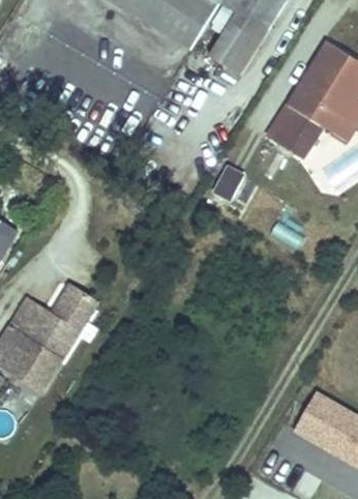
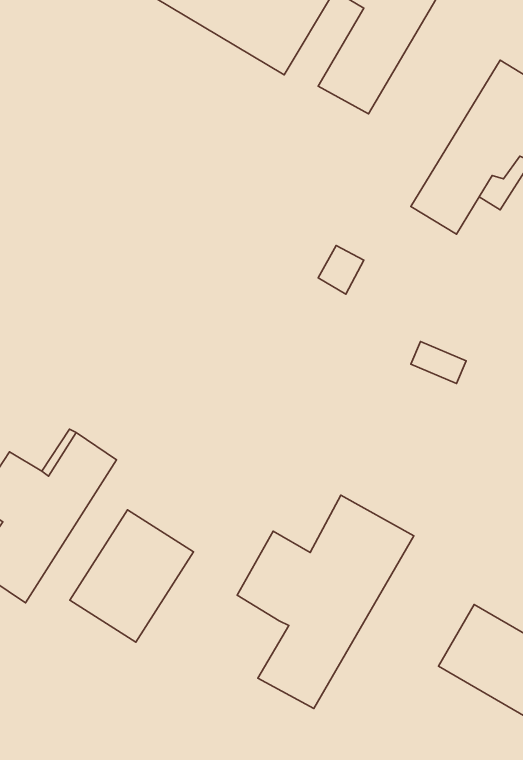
building: none -> [237,495,414,709]
building: none -> [70,510,194,642]

